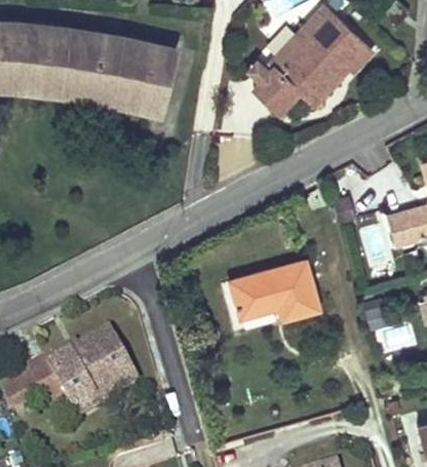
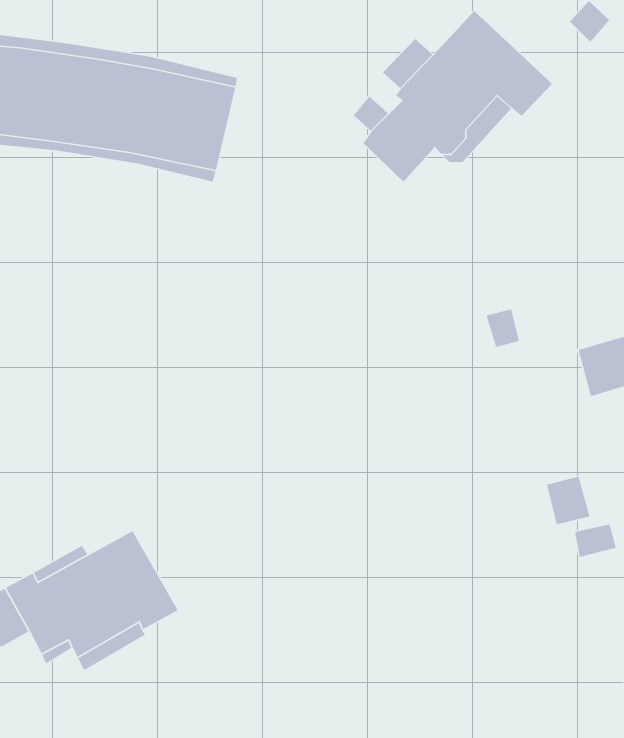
building: [230,263,318,319] -> none

